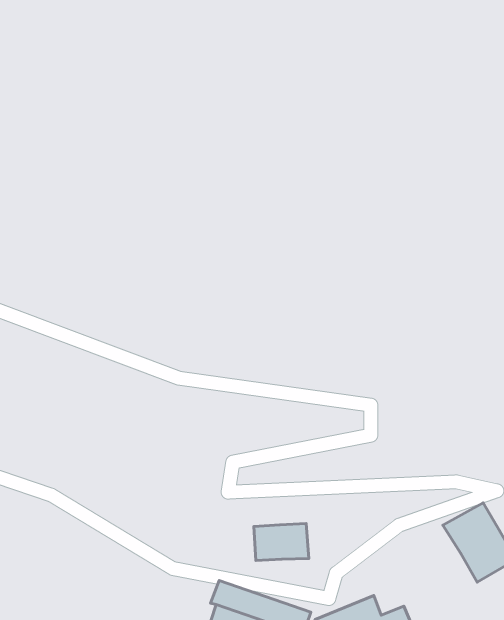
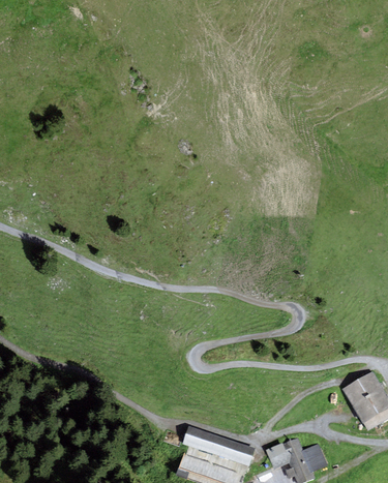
building: [254,523,309,561] -> none

